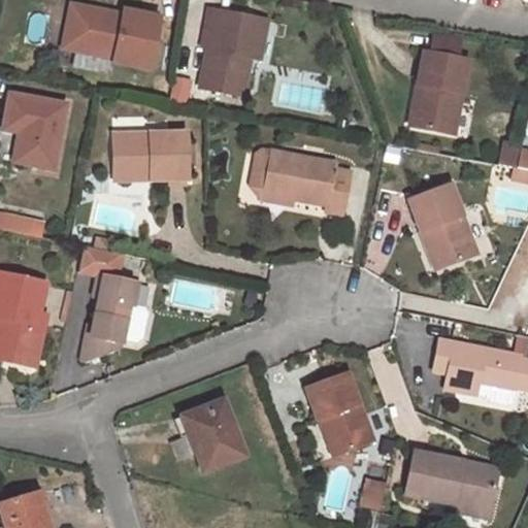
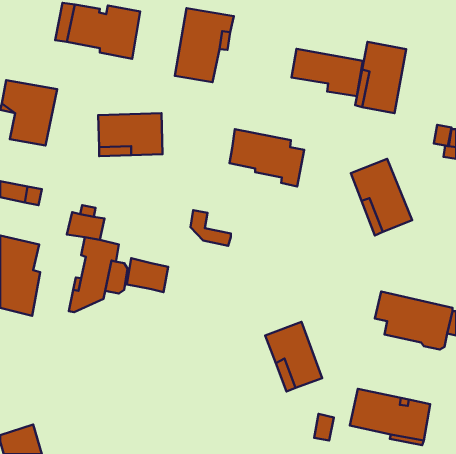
building: none -> [292,49,363,96]
building: [249,168,295,209] -> [191,210,231,246]
building: none -> [127,258,168,292]
building: [185,398,244,470] -> none

